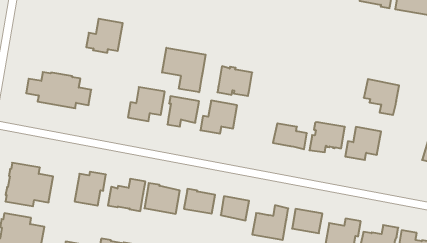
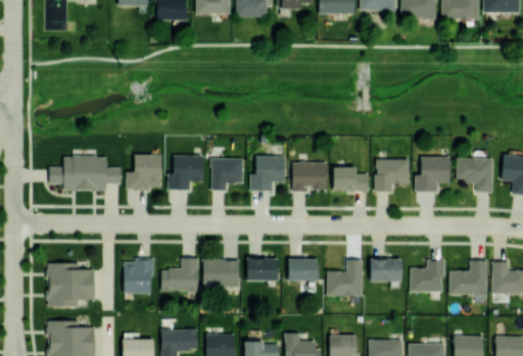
building: [86,19,123,53] -> [126,155,161,191]
building: [162,48,206,92] -> none
building: [217,66,252,96] -> [291,161,326,192]
building: [364,79,399,115] -> [456,158,492,193]

